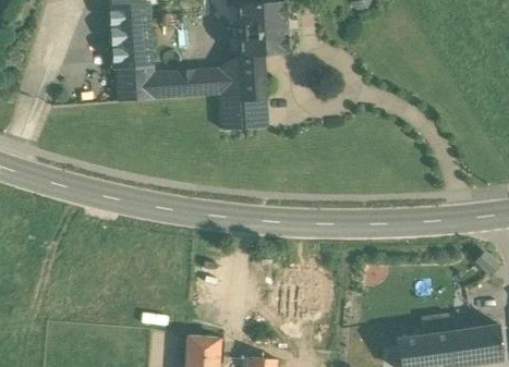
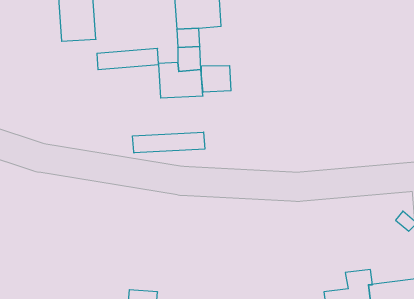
building: [116,66,155,101] -> none
building: none -> [201,66,231,92]
building: none -> [133,132,205,153]

